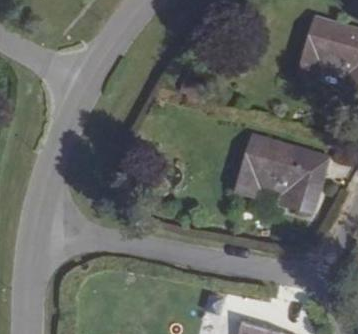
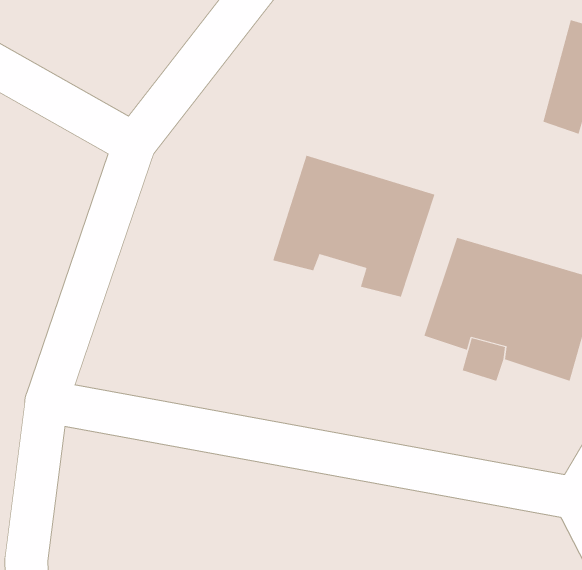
building: none -> [273,155,435,297]

